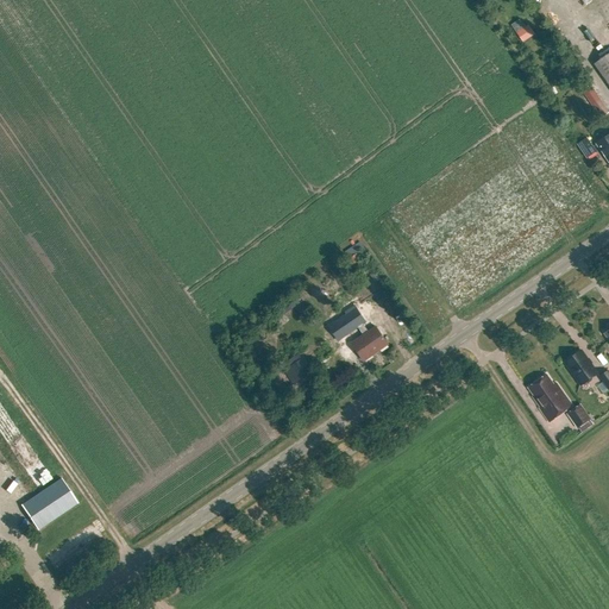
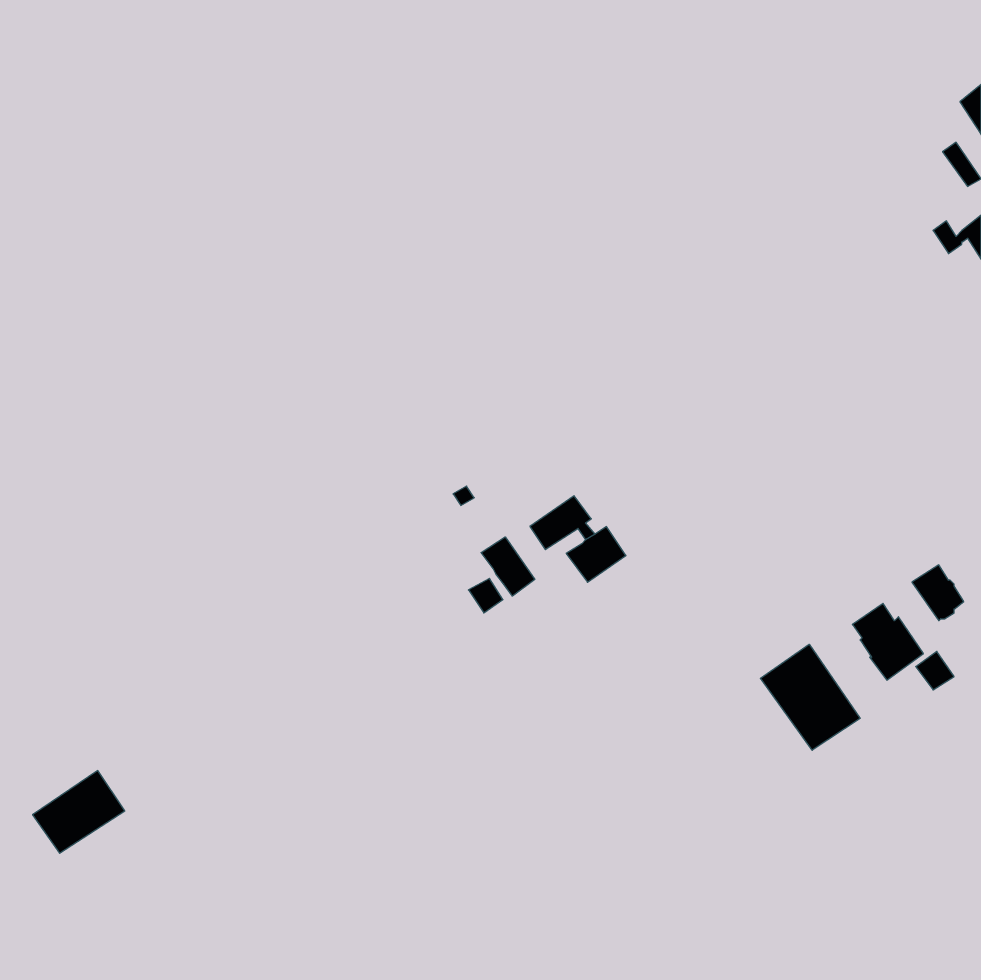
building: none -> [481,537,535,596]
building: none -> [760,644,860,750]

